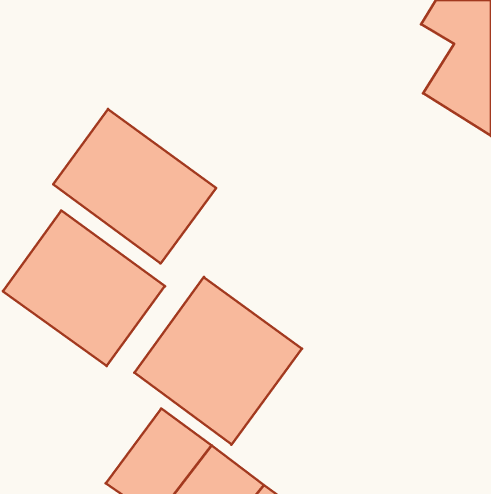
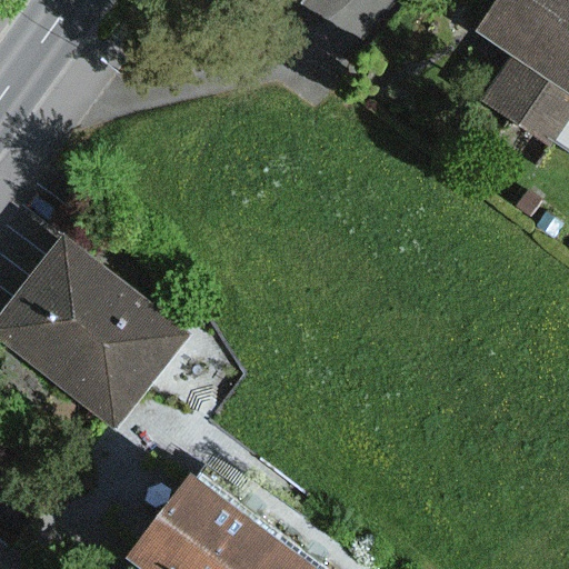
building: [53,109,216,263] -> none
building: [134,277,302,445] -> none

